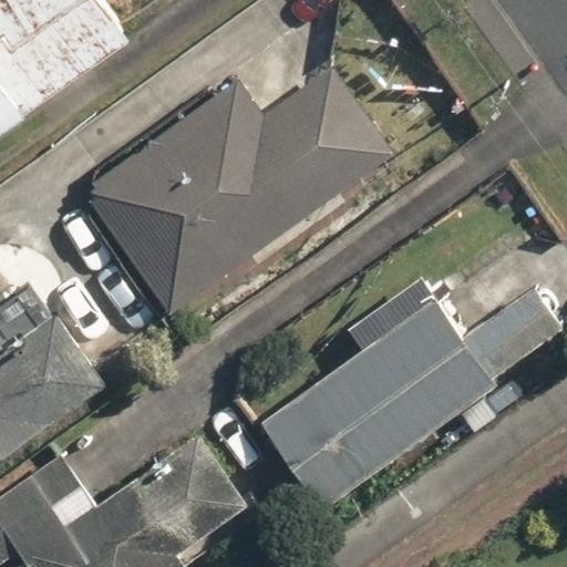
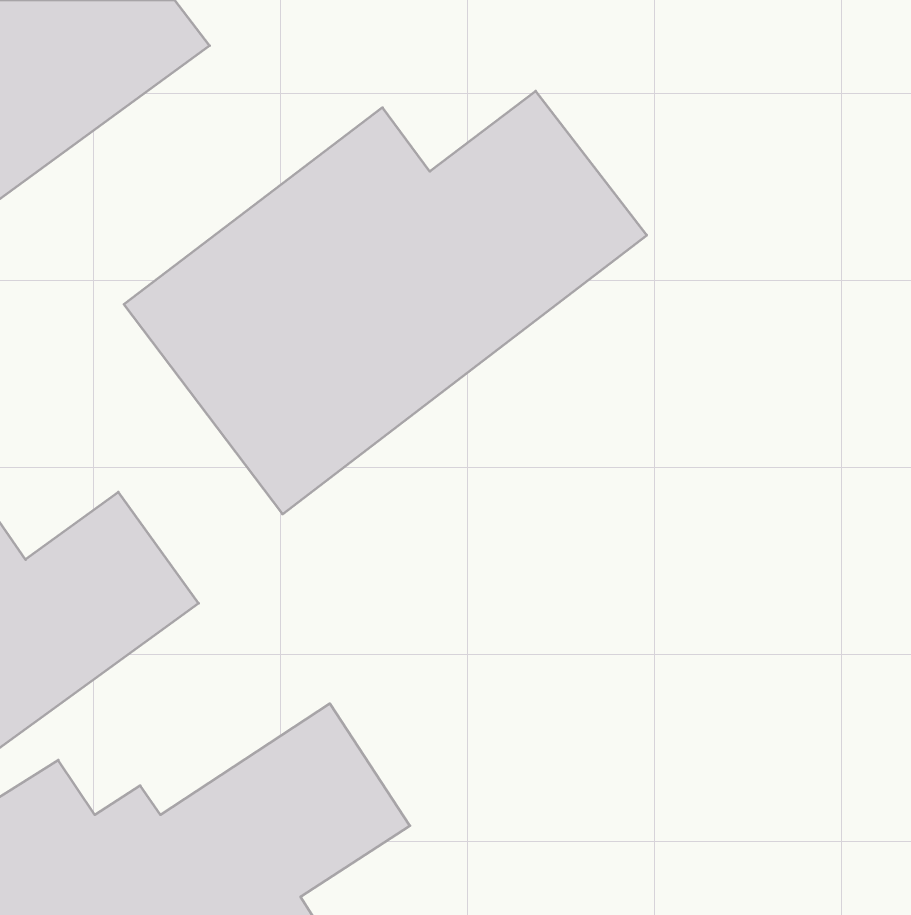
building: [261,293,502,508] -> none

